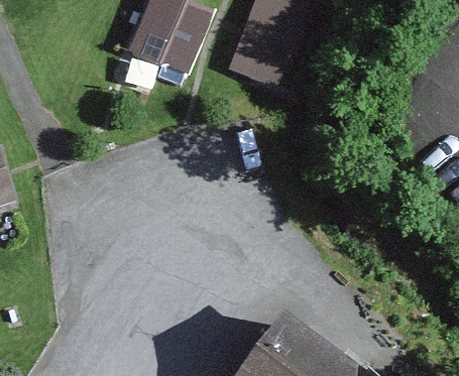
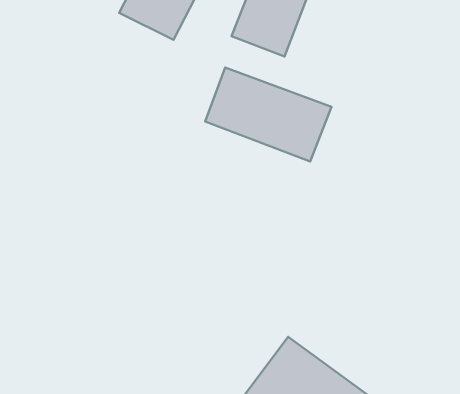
building: none -> [205,68,331,162]

